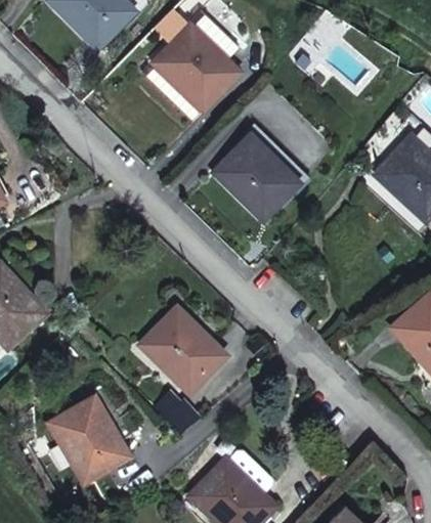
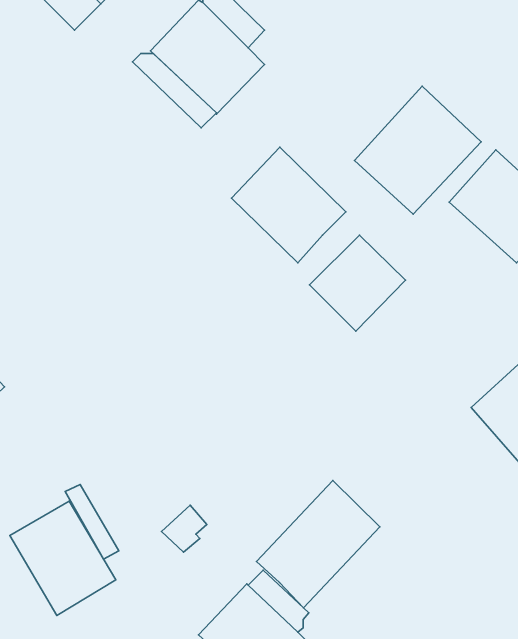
building: none -> [354,86,481,214]
building: none -> [310,235,405,331]
building: [140,308,225,394] -> none
building: none -> [256,480,380,608]

